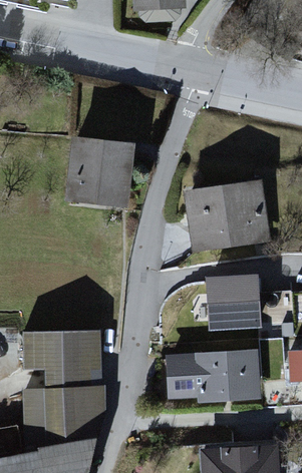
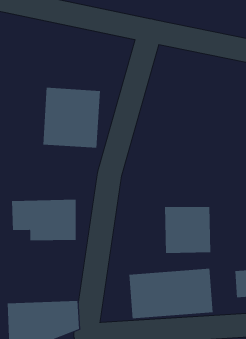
building: [182,175,268,253] -> none
building: [23,333,98,381] -> [11,199,76,241]

